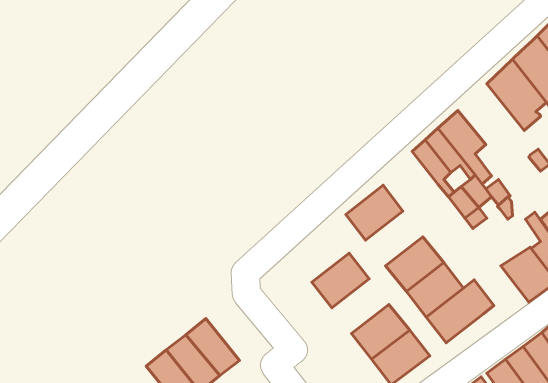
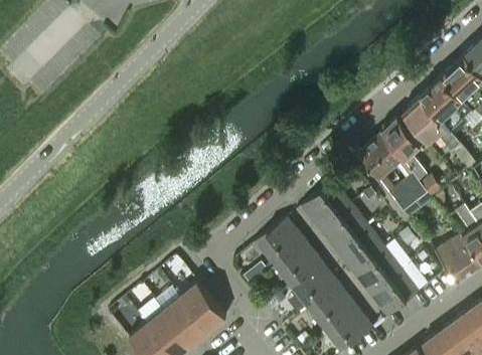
building: none -> [404,94,461,151]
building: none -> [319,203,368,250]
building: none -> [256,217,305,264]
building: none -> [290,261,339,309]
building: none -> [181,282,227,332]

